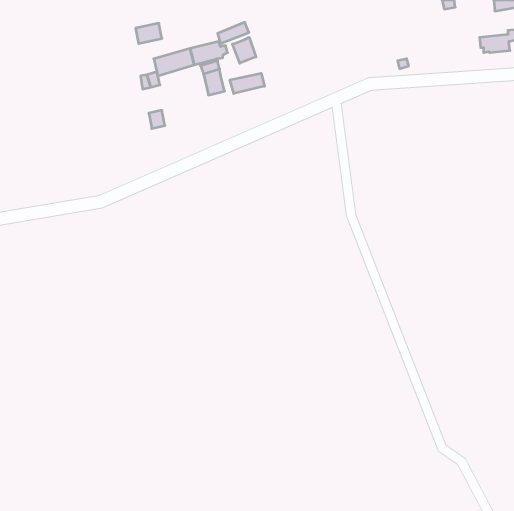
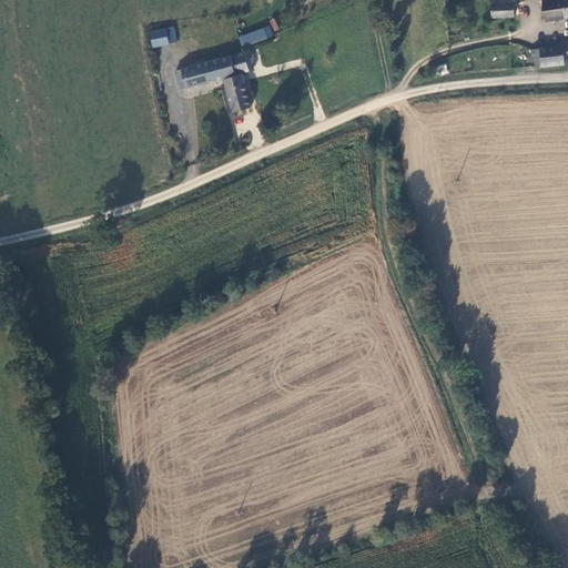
building: [232,37,256,63] -> none
building: [230,73,265,94] -> none

